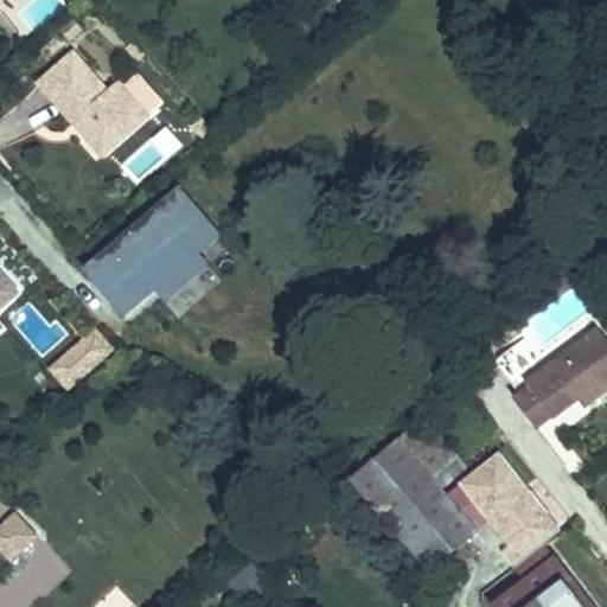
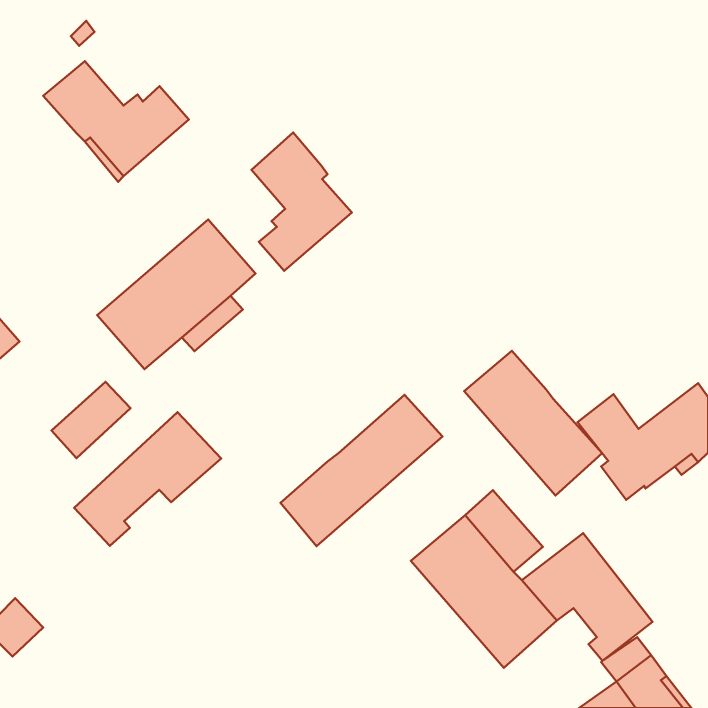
building: none -> [252,133,352,271]
building: none -> [464,351,602,495]
building: none -> [280,395,442,546]
building: none -> [74,412,221,546]

